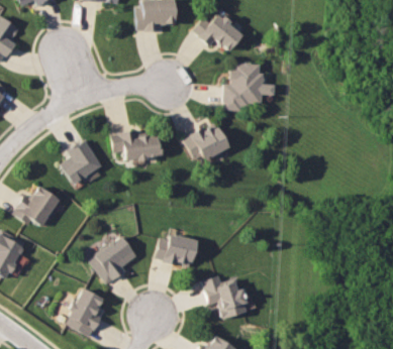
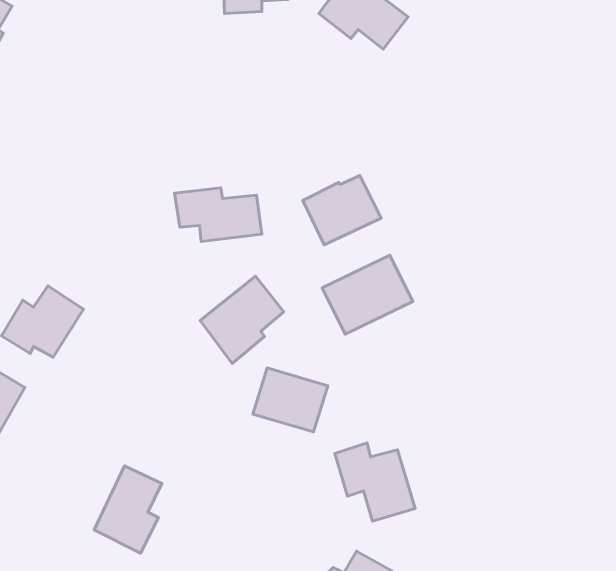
building: [223,63,275,109] -> none
building: [61,139,102,185] -> none
building: none -> [322,255,413,334]
building: [90,235,137,284] -> [200,276,284,363]

